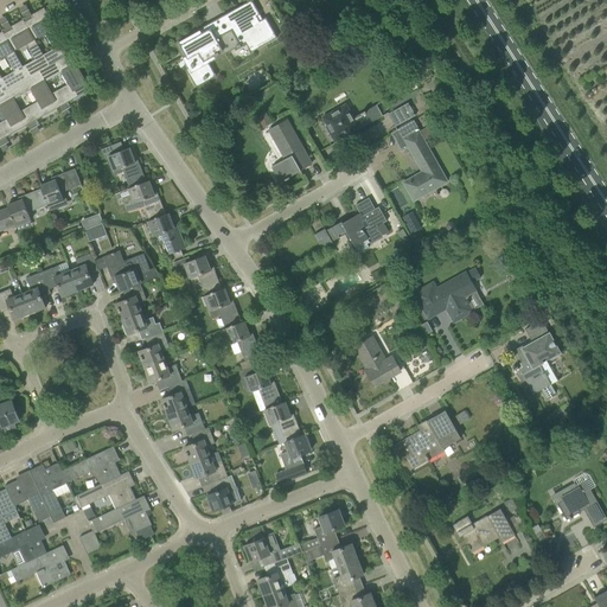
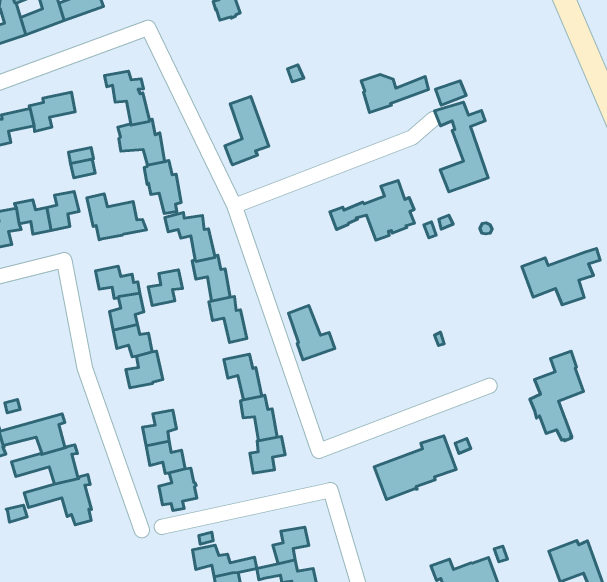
building: [270,121,309,183] -> [225,96,269,165]
building: [414,268,480,321] -> [522,249,600,305]
building: [115,285,145,319] -> [148,270,182,305]
building: [354,338,400,385] -> [288,306,335,360]
building: [167,408,204,436] -> none

